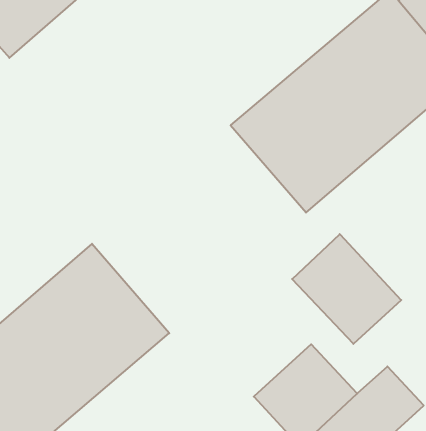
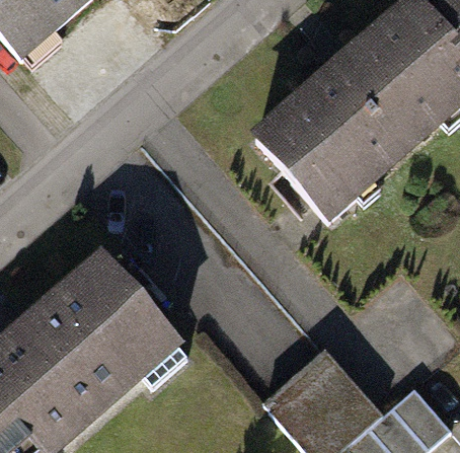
building: [292,234,401,344] -> none

